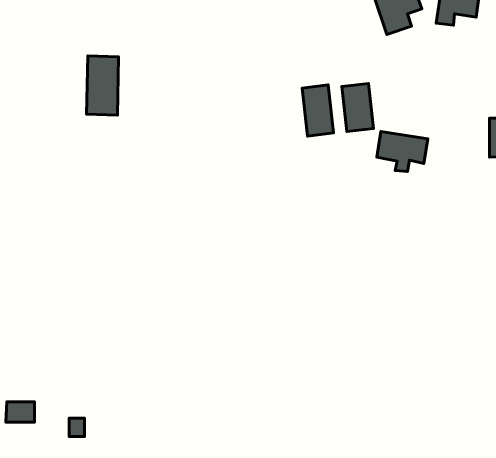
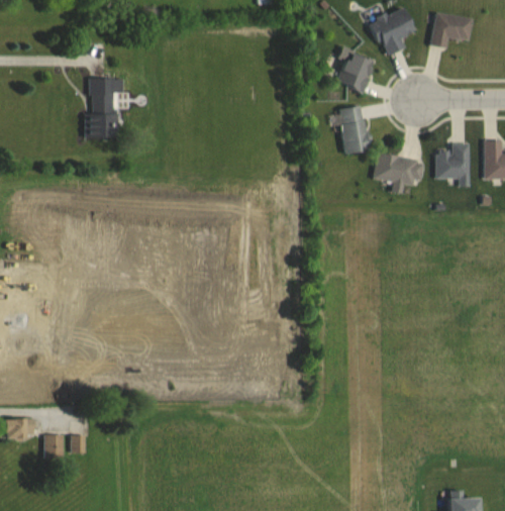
building: none -> [336,50,375,91]
building: [302,85,334,136] -> none
building: none -> [435,143,469,185]
building: none -> [43,435,64,458]

